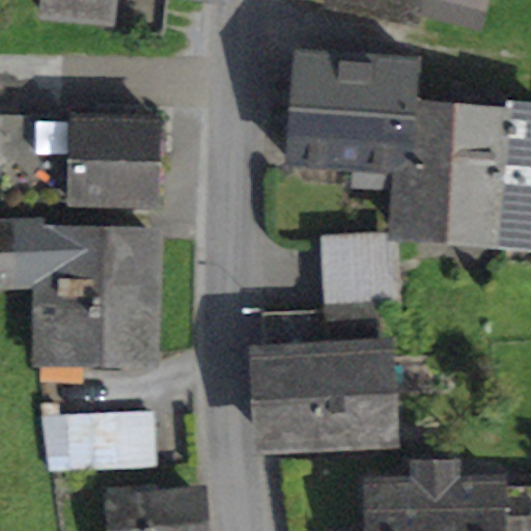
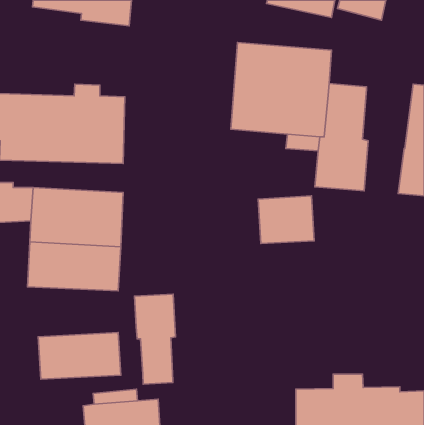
building: [451,104,514,242] -> none
building: [258,309,387,441] -> none
building: none -> [134,294,175,384]

